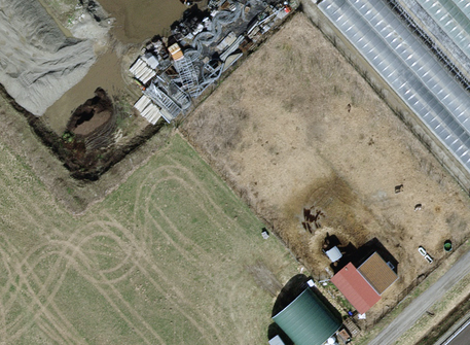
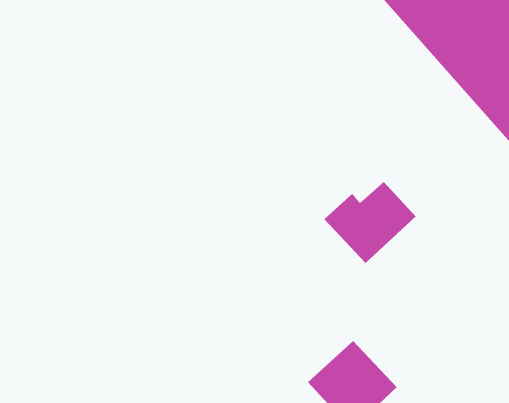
building: [329,248,402,313] -> [324,181,416,264]

